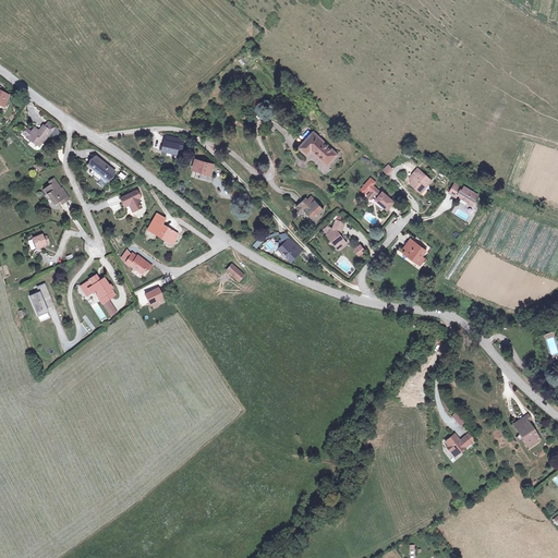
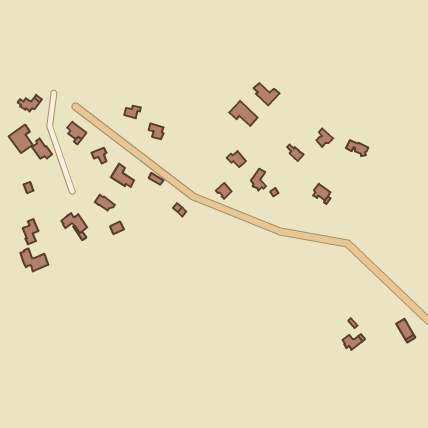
building: none -> [254,83,280,105]
building: none -> [9,125,33,153]
building: none -> [20,248,48,272]

